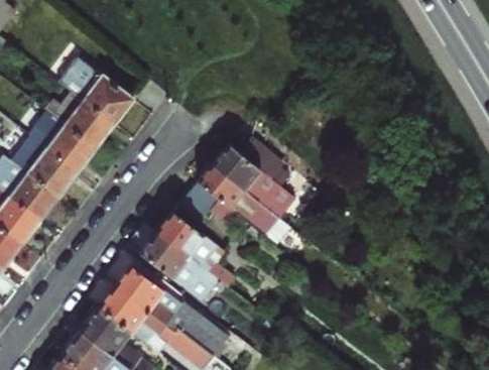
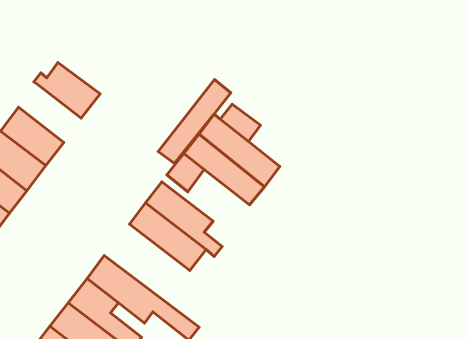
building: [57,56,132,124] -> none
building: none -> [158,80,231,164]
building: [31,114,94,172] -> none
building: [117,267,228,357] -> none

